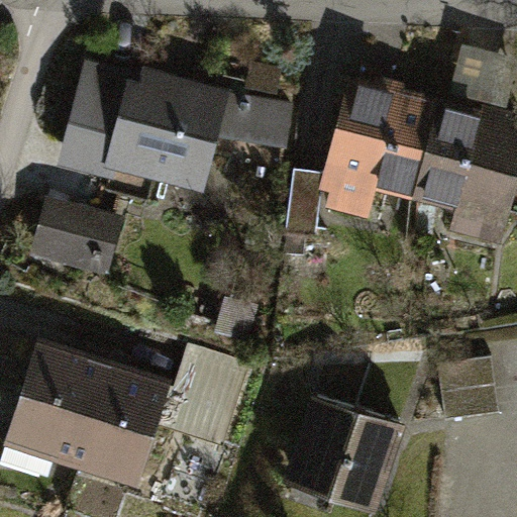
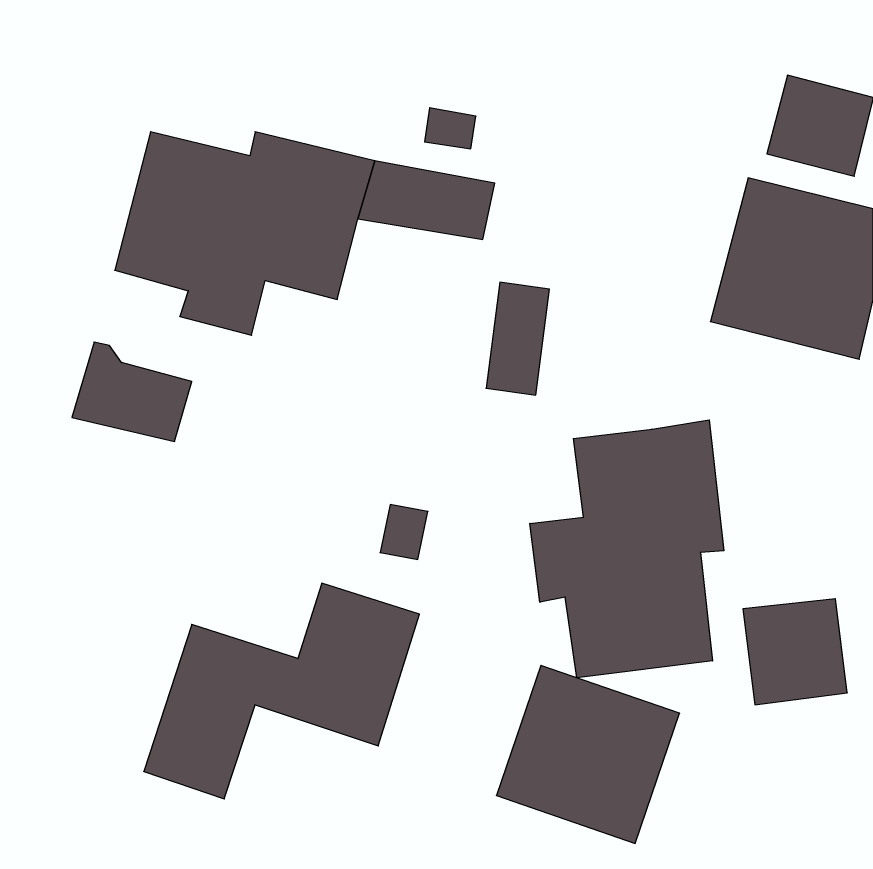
building: [329,85,441,214] -> none
building: none -> [530,420,724,678]
building: [16,349,113,458] -> none

